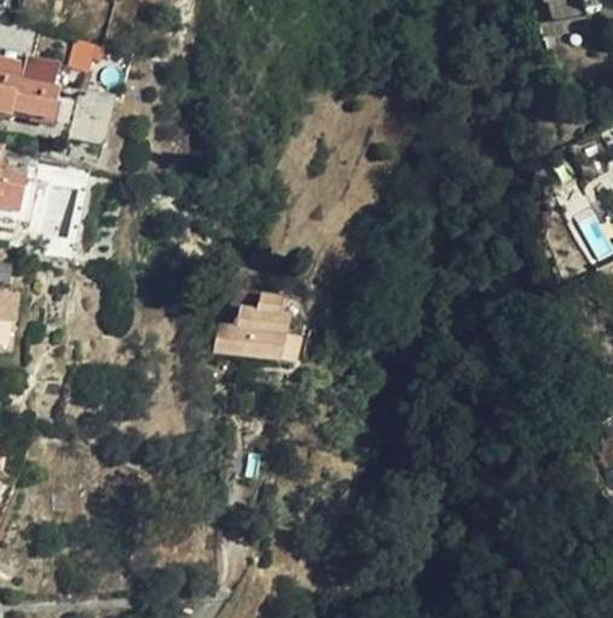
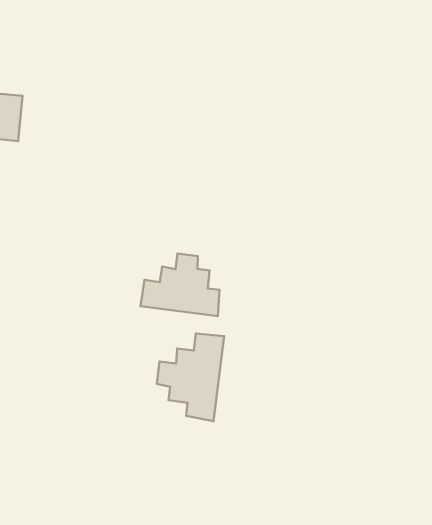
building: none -> [157,333,224,421]

